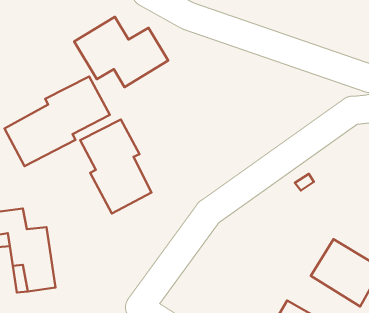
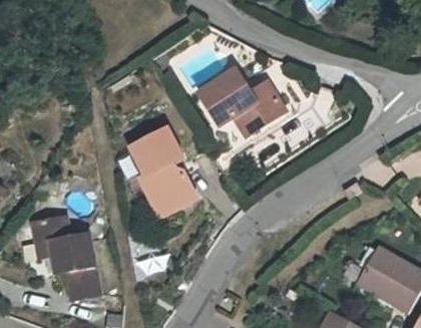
building: [74,17,168,87] -> [190,67,286,138]
building: [4,76,110,166] -> none

